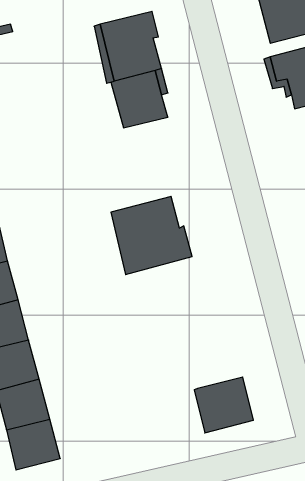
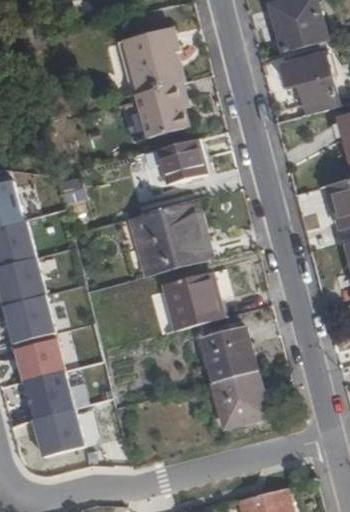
building: none -> [156,135,204,180]
building: none -> [156,268,219,328]
building: none -> [204,322,257,380]

